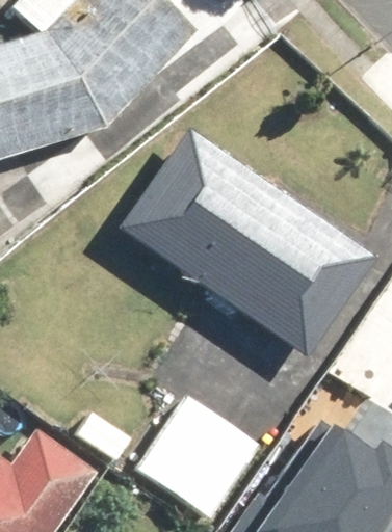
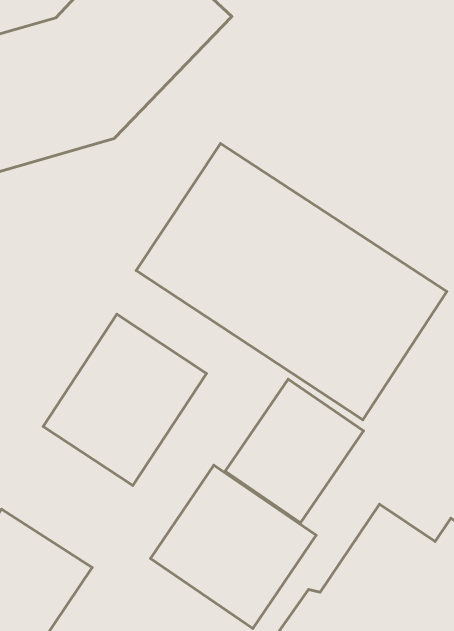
building: none -> [43,314,207,486]
building: none -> [225,379,363,523]

